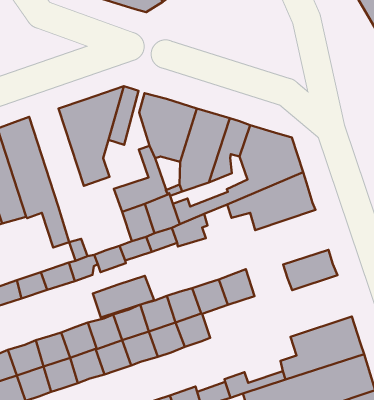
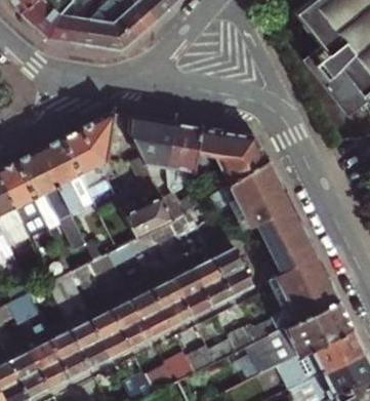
building: none -> [40,138,96,217]
building: none -> [236,190,297,238]
building: none -> [259,240,324,302]
building: [93,276,154,318] -> [203,267,253,306]

